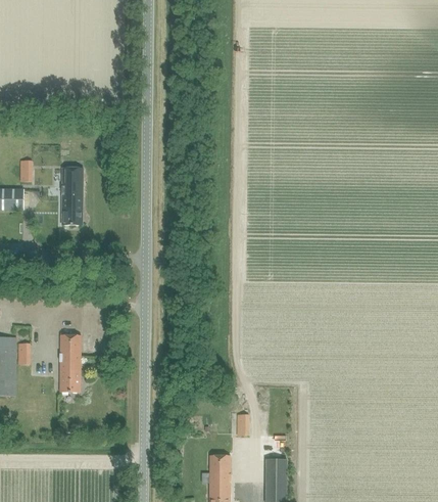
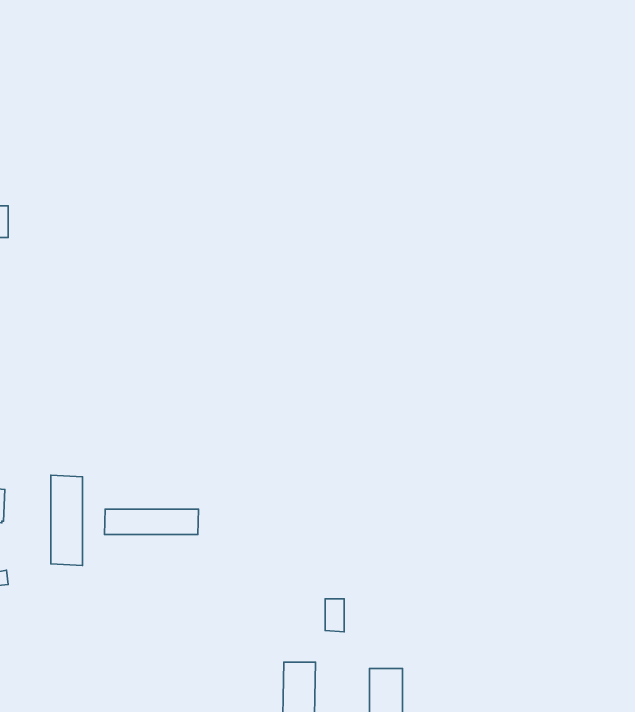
building: [61,166,83,224] -> none
building: none -> [104,509,198,535]

